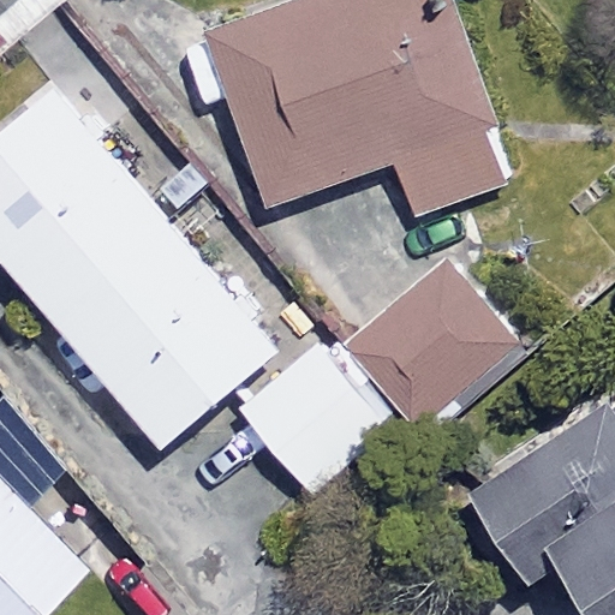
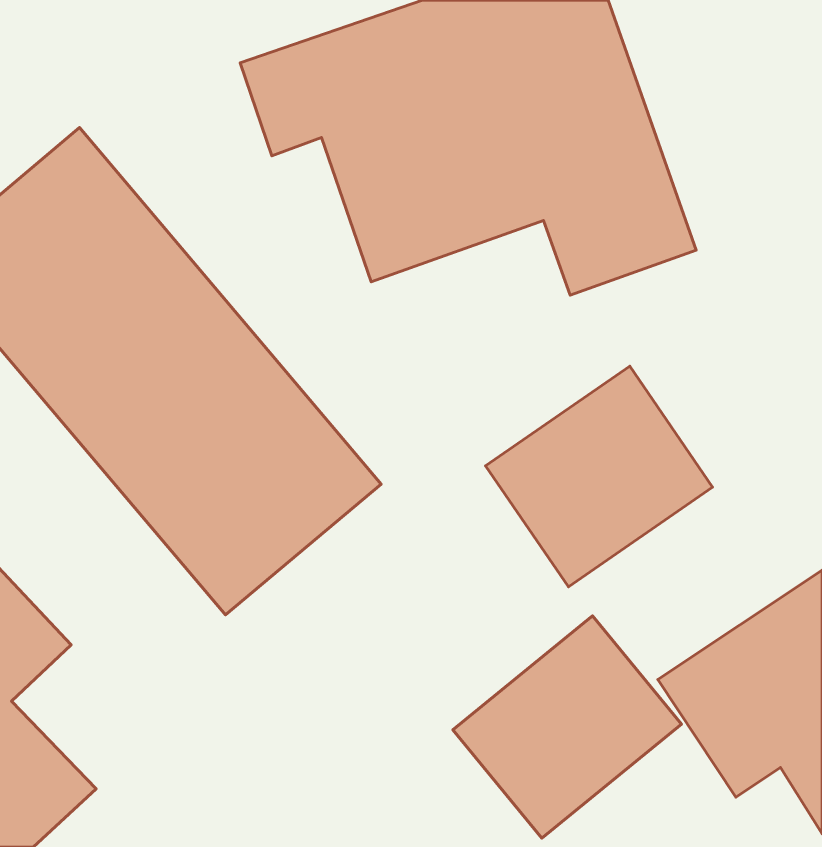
building: [238,340,389,492] -> none
building: none -> [453,616,682,838]

